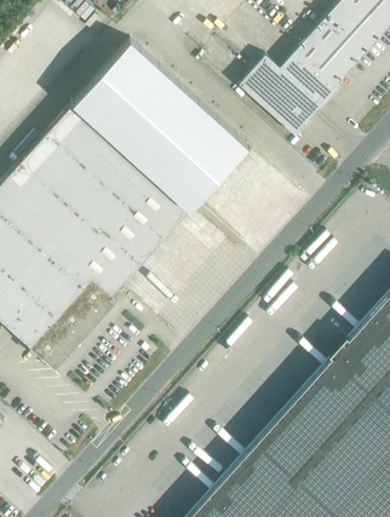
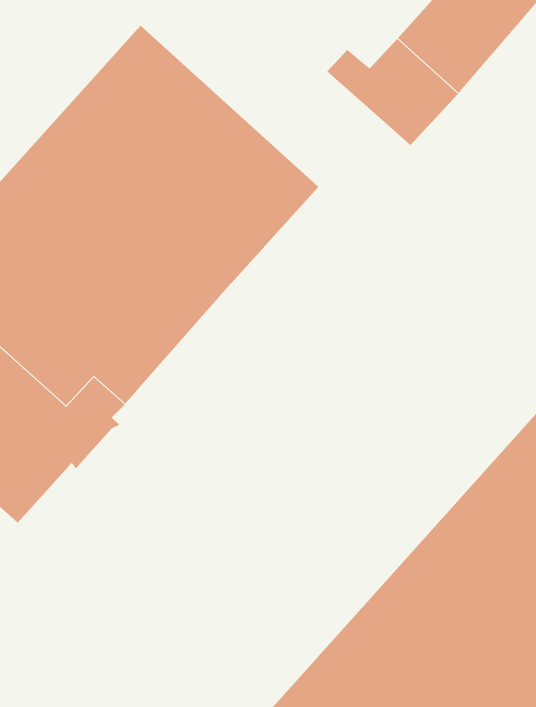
building: [237,71,305,137] -> none

